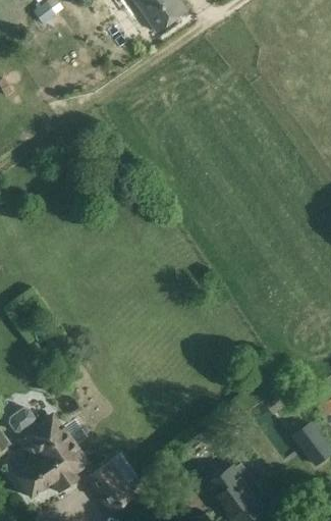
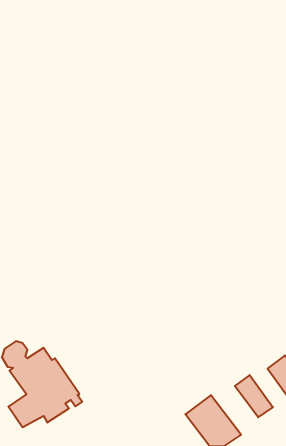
building: none -> [235,375,273,417]
building: [87,461,134,514] -> none

